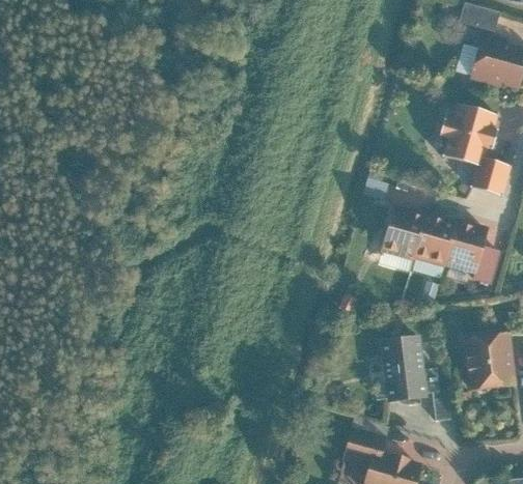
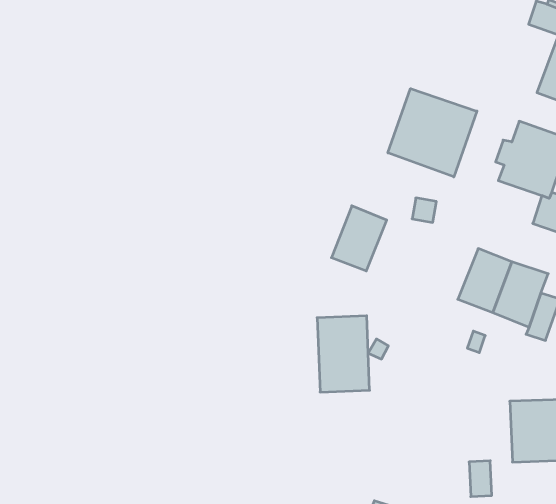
building: none -> [388,89,477,177]
building: [383,202,428,256] -> [331,206,387,271]
building: [381,338,429,404] -> [317,316,370,392]

